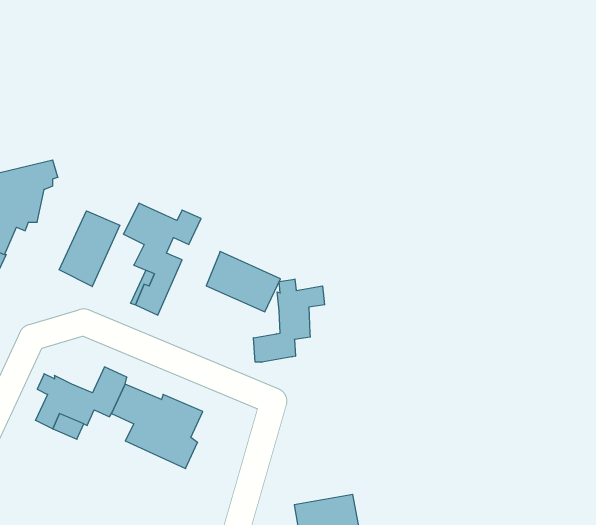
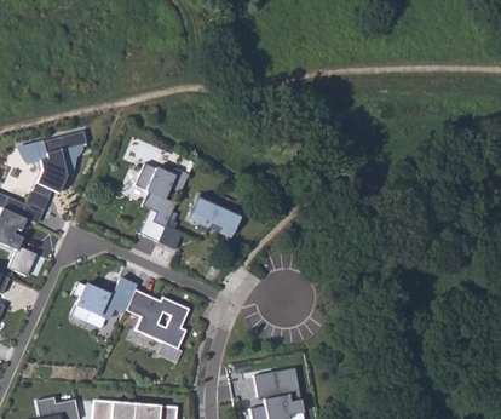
building: [59,211,120,287] -> none
building: [253,279,325,362] -> none

